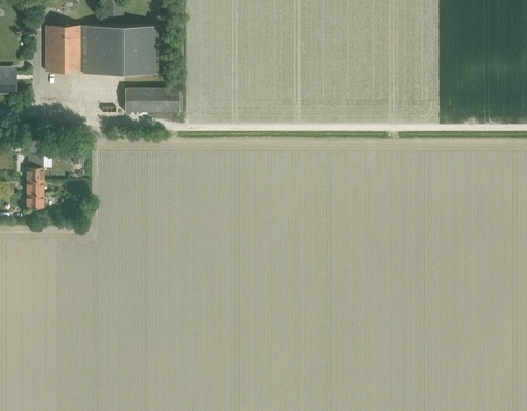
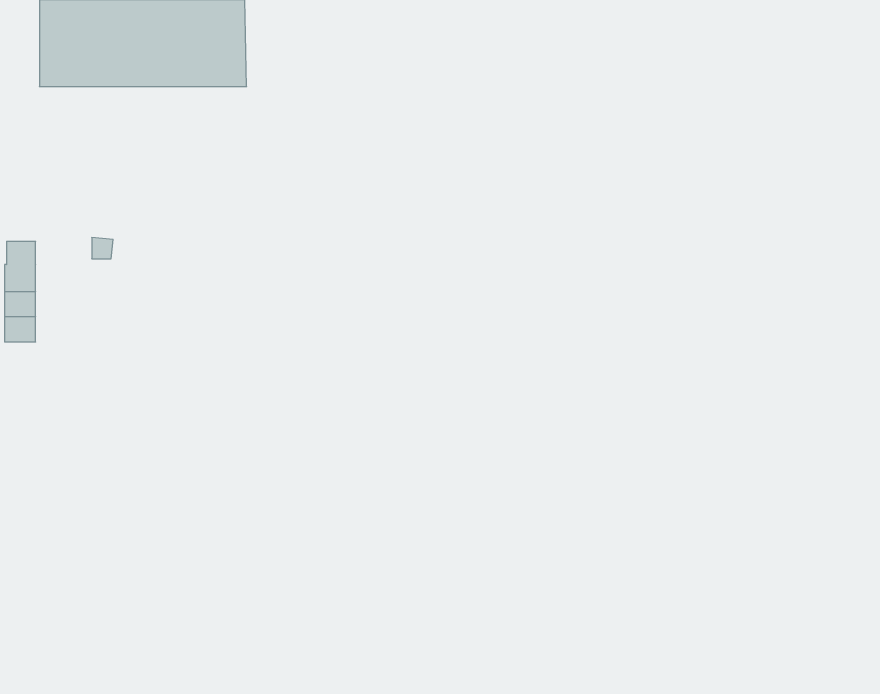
building: [122,88,179,111] -> none

